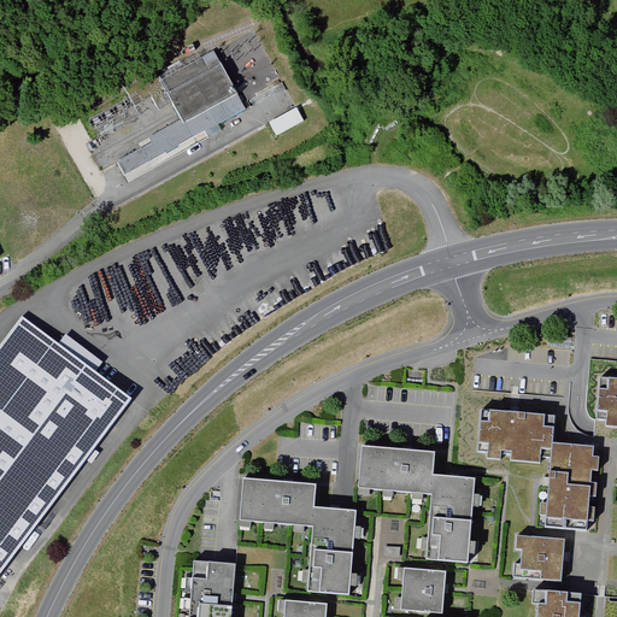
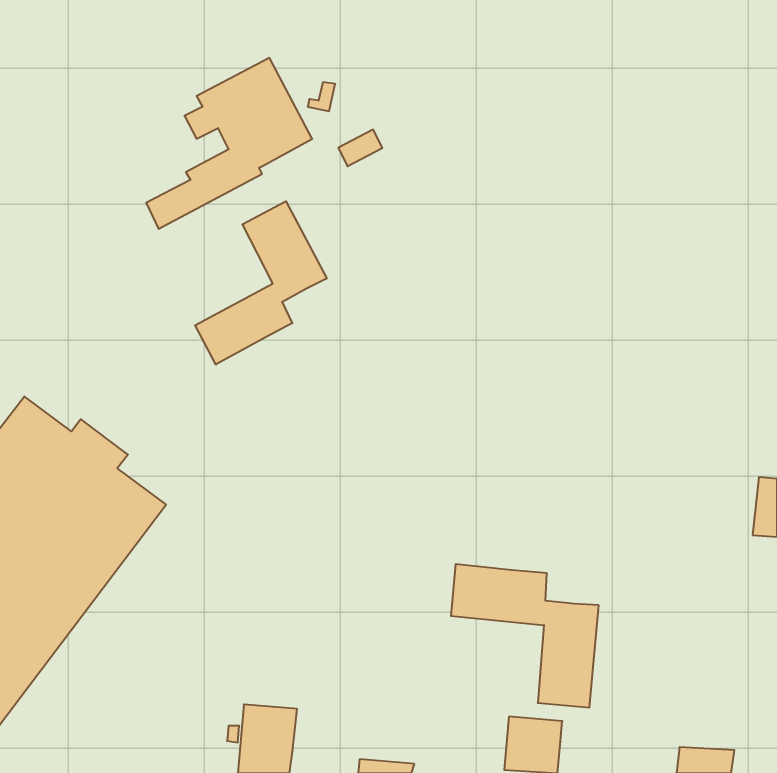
building: none -> [195,201,327,365]
building: [475,407,598,528] -> none
building: [240,481,355,595] -> none
building: [513,531,564,576] -> none

